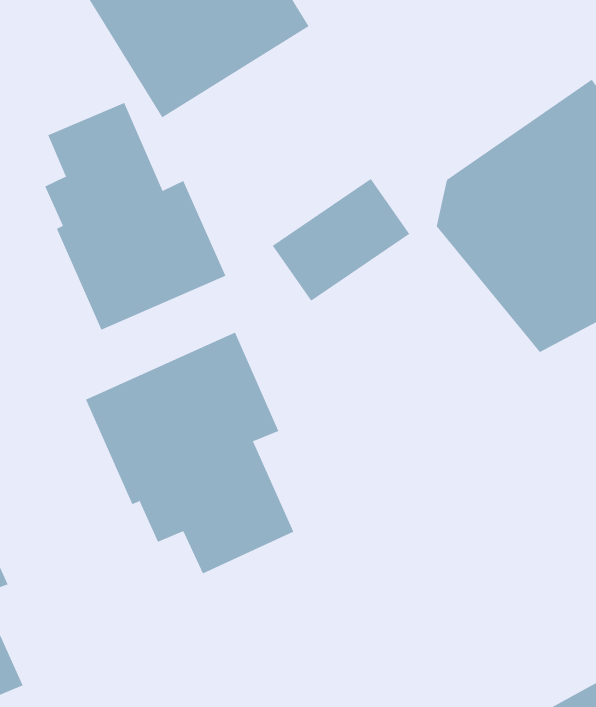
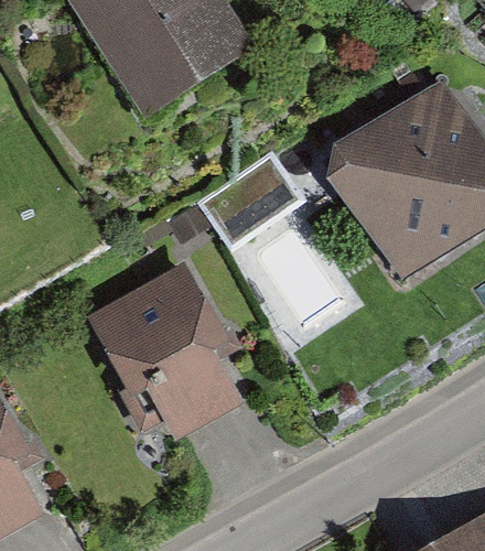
building: [45,102,226,330] -> none

